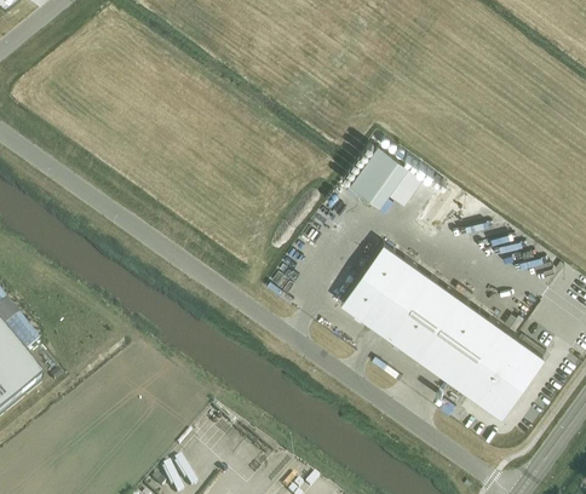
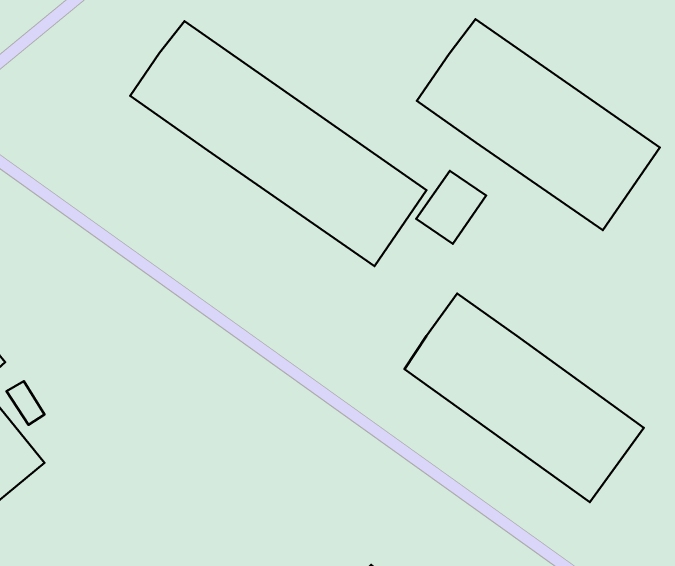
building: none -> [417,19,660,230]
building: none -> [130,21,427,266]

